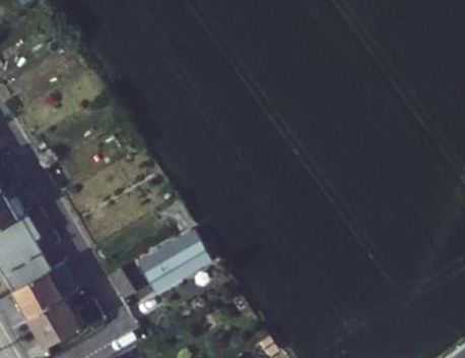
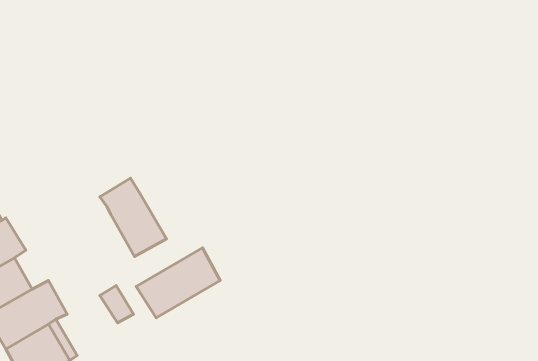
building: none -> [100,178,166,257]

